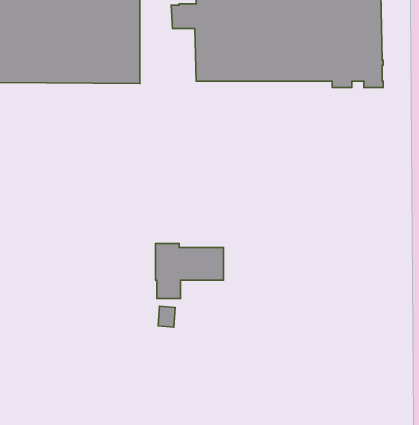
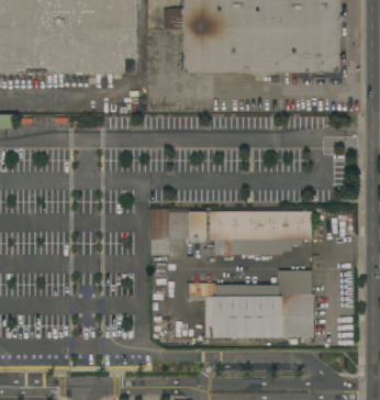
building: none -> [210,211,311,258]
building: none -> [186,270,314,343]

